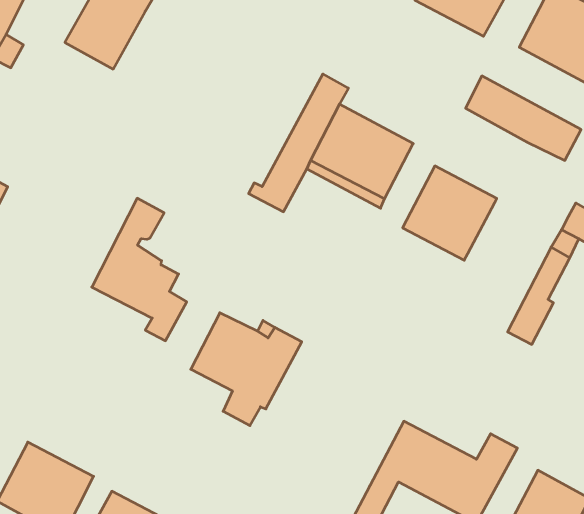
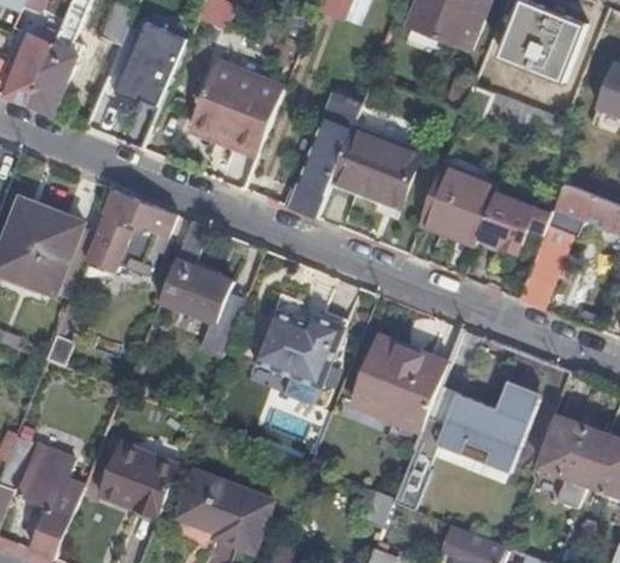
building: none -> [189,62,281,153]
building: none -> [83,190,175,275]
building: none -> [477,190,534,246]
building: none -> [352,335,446,444]

